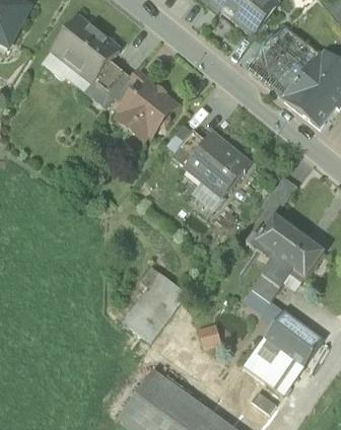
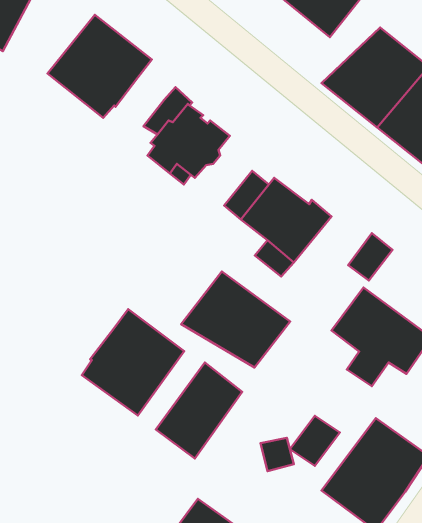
building: [84,62,129,108] -> none
building: none -> [181,272,290,367]
building: none -> [82,309,184,416]
building: [244,275,280,311] -> [290,416,340,466]

